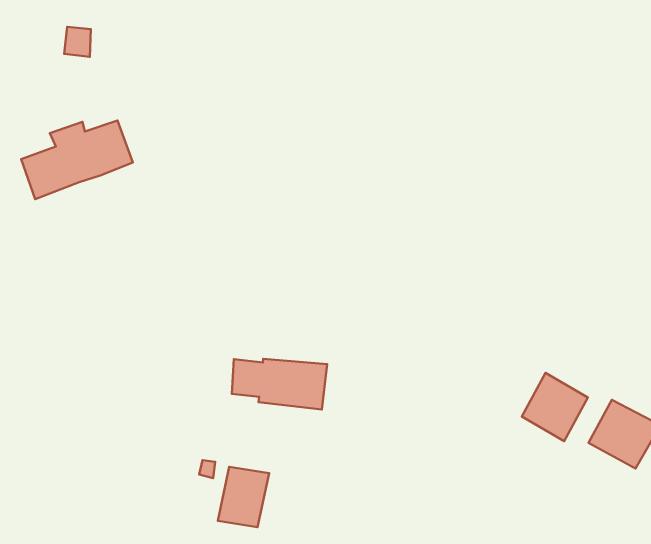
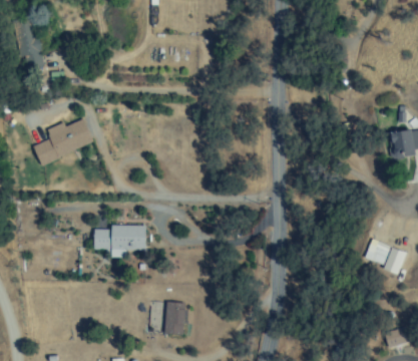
building: [232,359,327,409] -> [95,225,146,250]
building: [522,373,588,441] -> none

